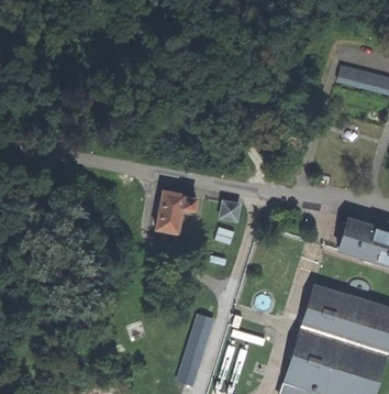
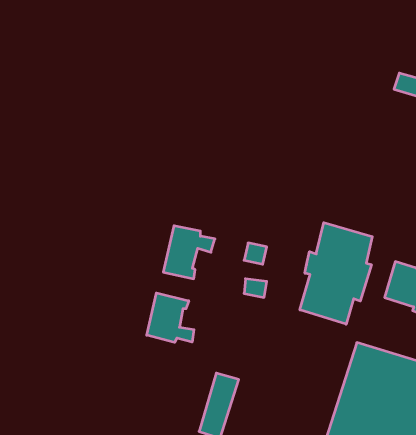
building: none -> [300,223,372,324]
building: none -> [147,293,194,342]

